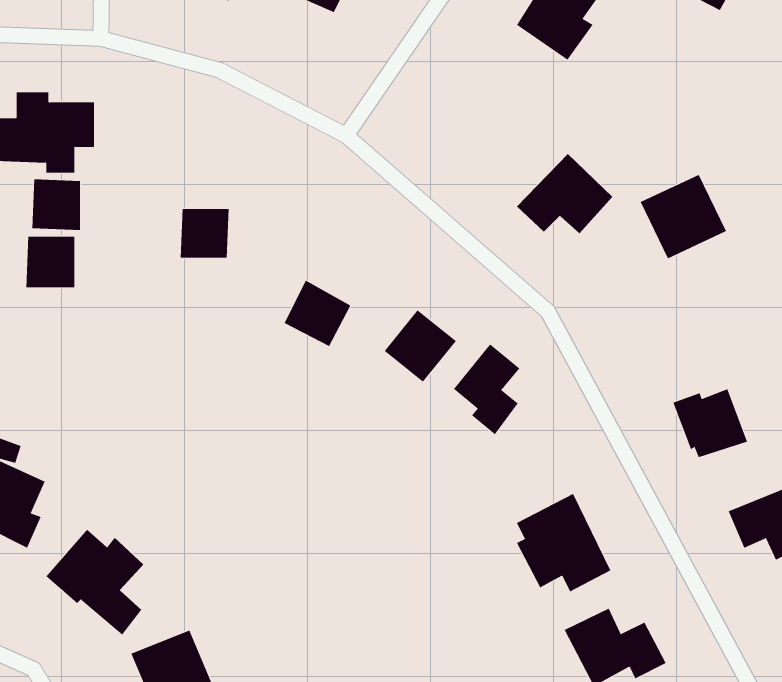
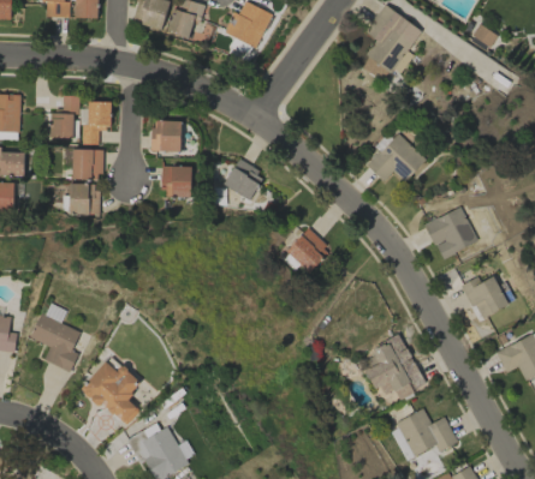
building: none -> [151,119,182,151]
building: [640,174,727,259] -> [424,206,477,258]
building: [284,280,351,347] -> [224,158,264,199]
building: [453,343,520,435] -> none

